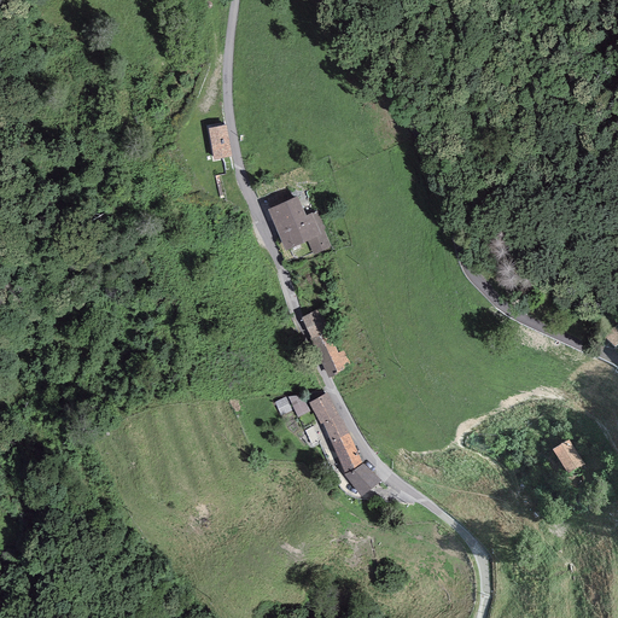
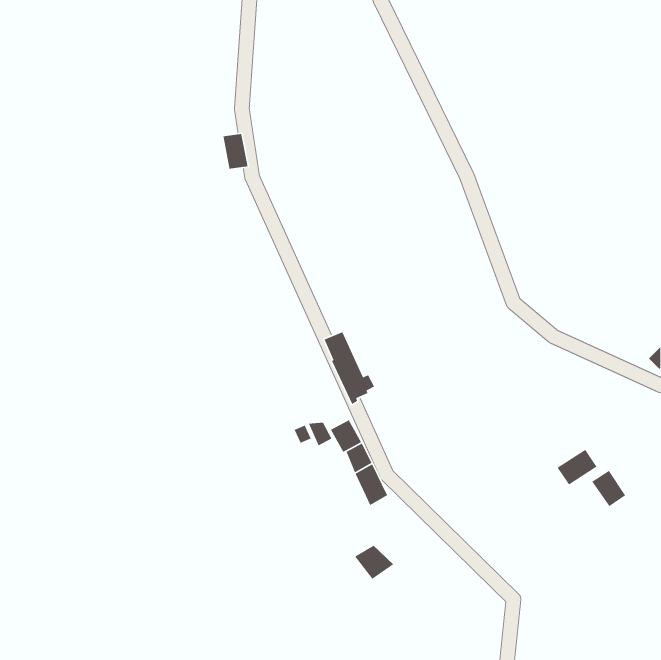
building: [267,196,332,253] -> none
building: none -> [557,449,598,486]
building: [344,462,381,495] -> [354,545,394,580]

